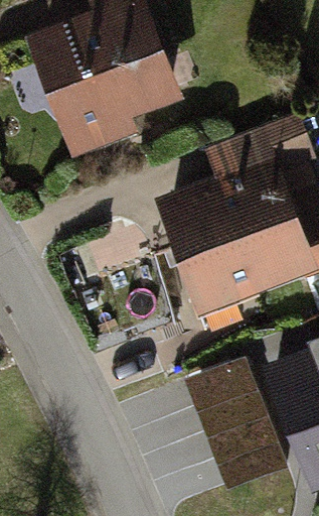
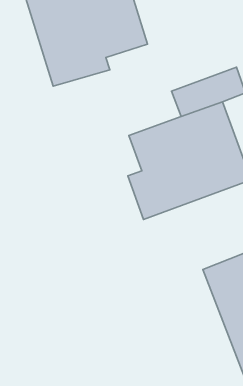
building: [186,357,288,492] -> none

